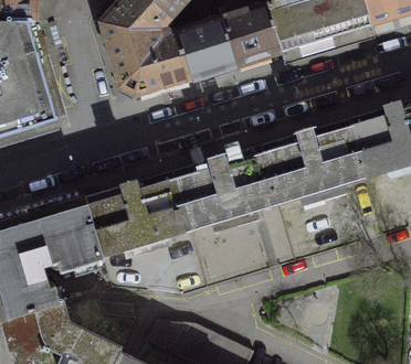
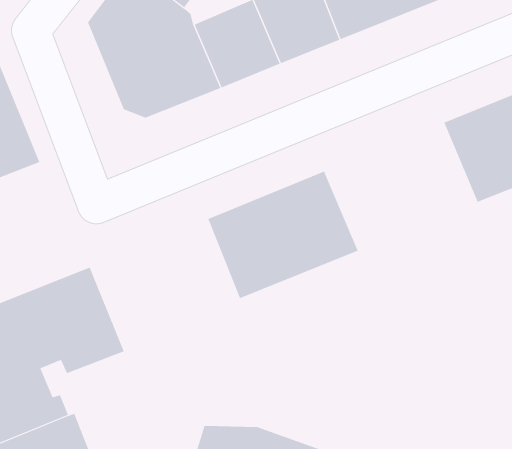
building: [260,119,367,205] -> none
building: [85,172,190,257] -> none

